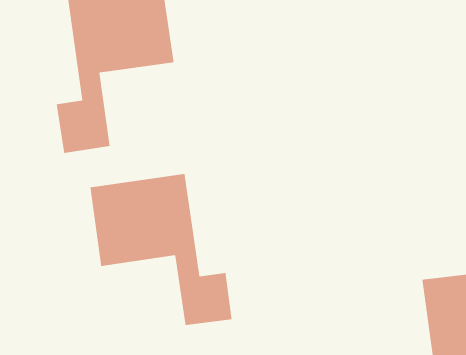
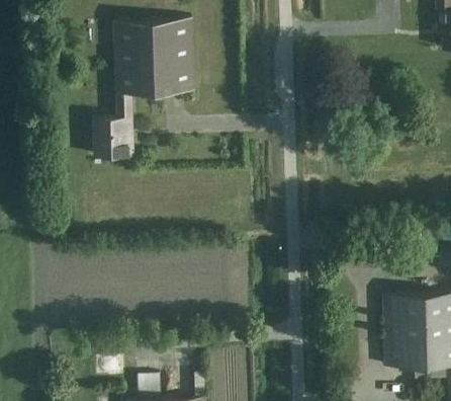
building: [90,173,232,326] -> none

